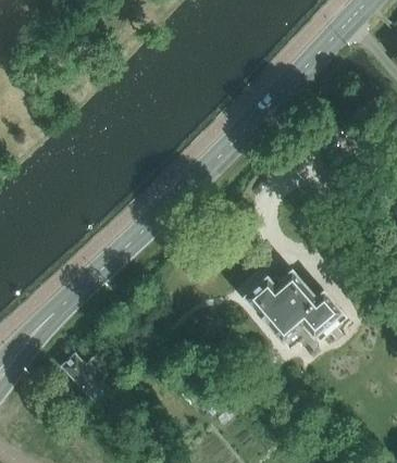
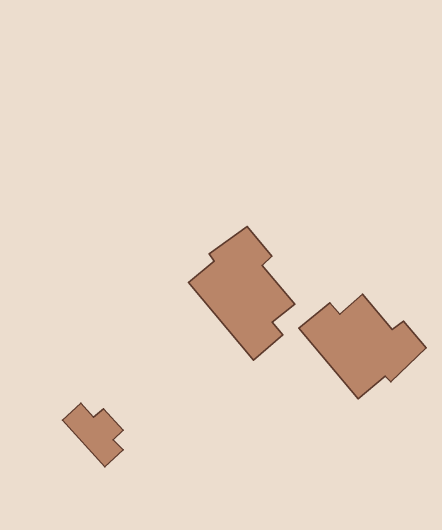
building: none -> [188,227,295,360]

